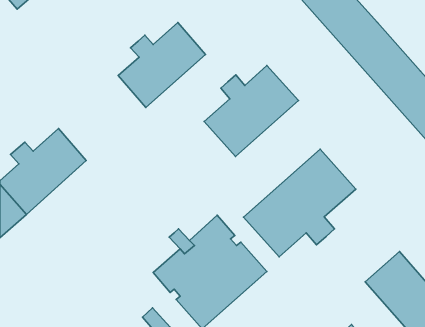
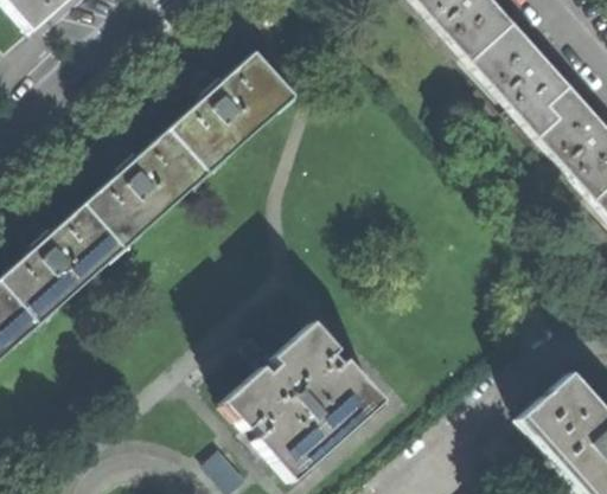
building: [204,66,298,156] -> none
building: none -> [88,124,211,244]
building: [243,149,356,257] -> none

